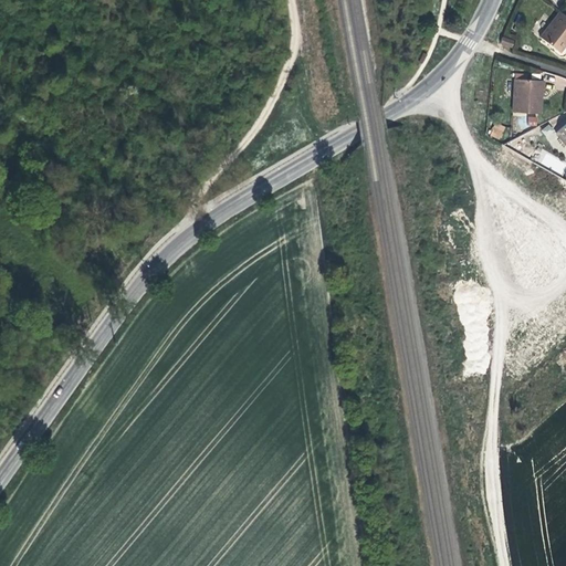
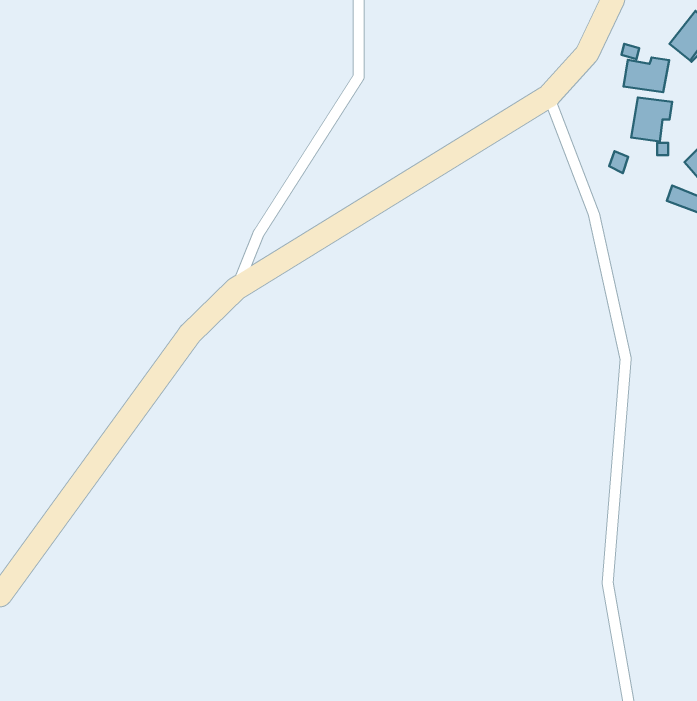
building: none -> [623,58,669,92]

